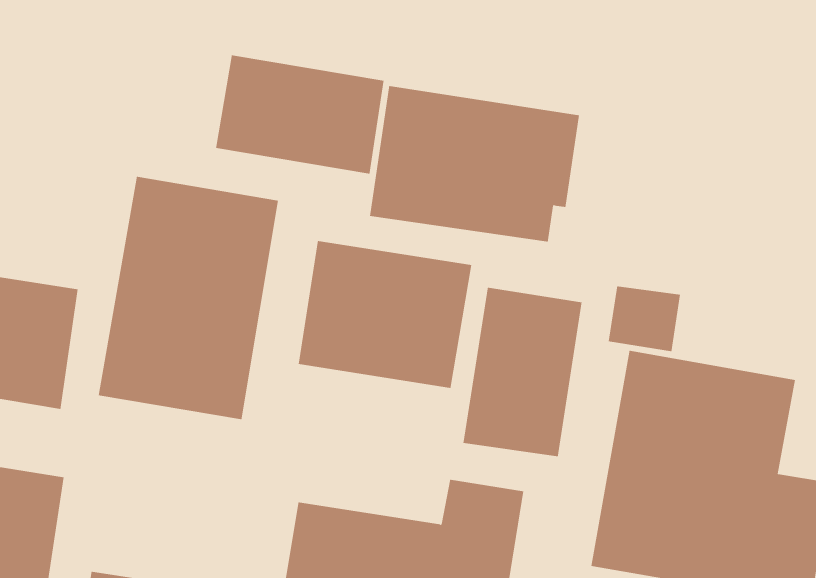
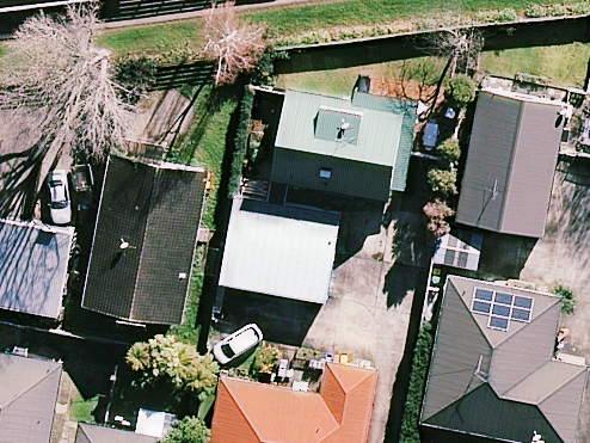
building: [215,55,384,174] -> none
building: none -> [455,93,566,239]
building: [463,287,582,457] -> none

